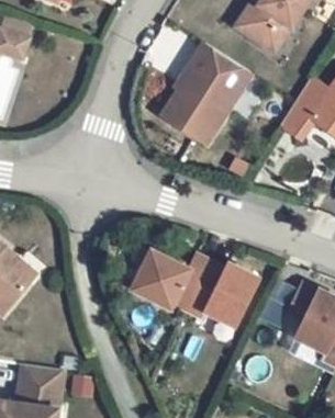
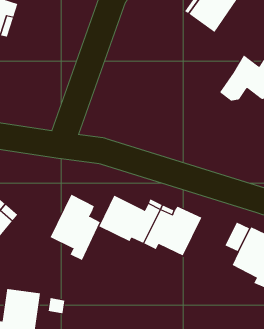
building: [164,44,253,145] -> none
building: none -> [50,194,101,261]

